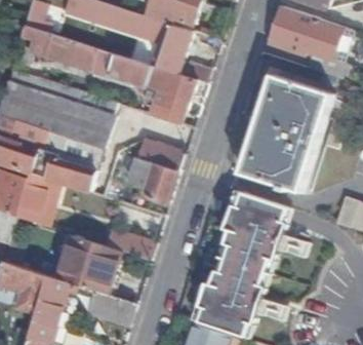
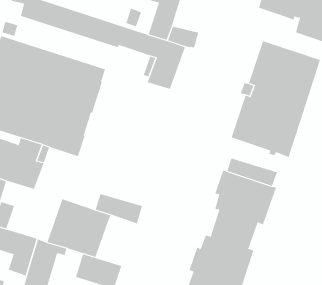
building: [127,139,180,202] -> none

